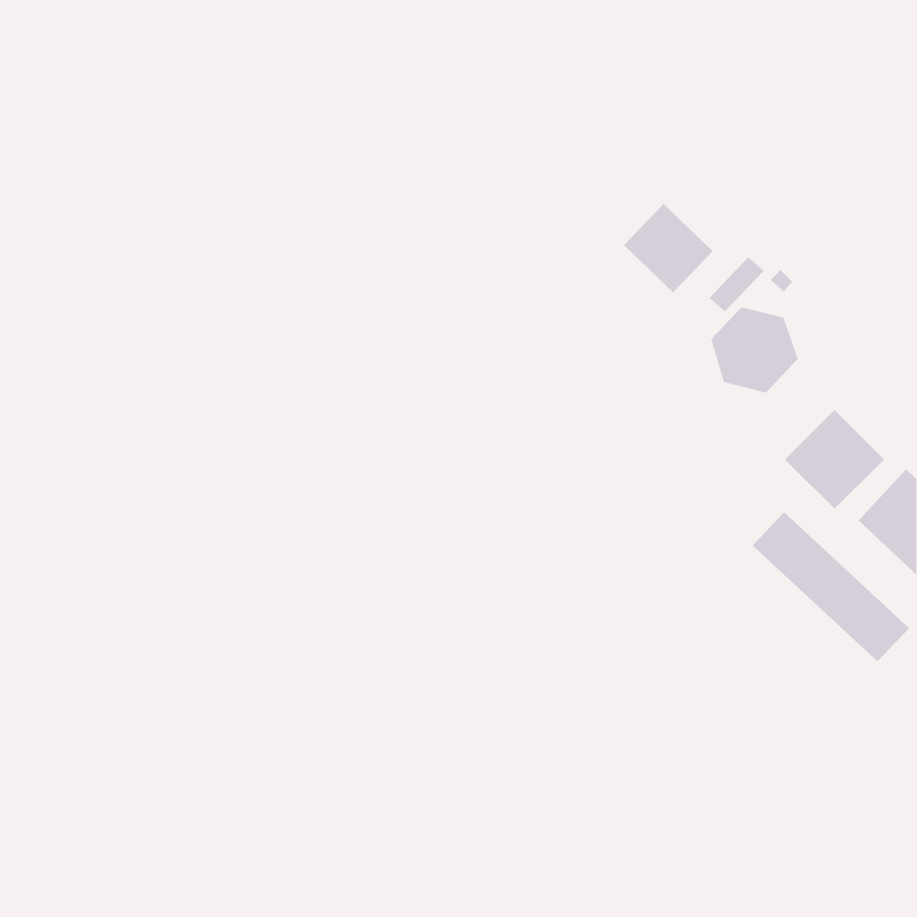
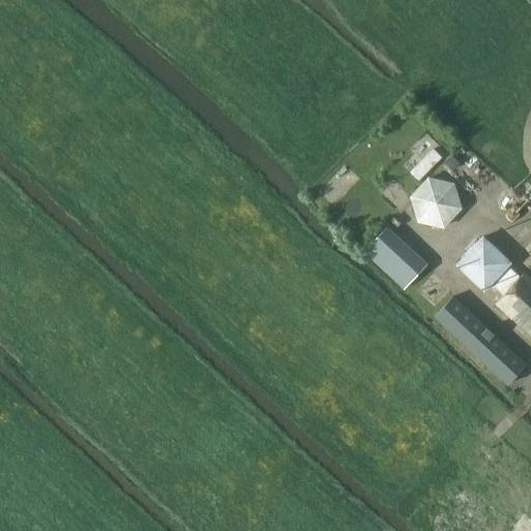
building: [623,203,714,293] -> none
building: none -> [364,228,429,291]

